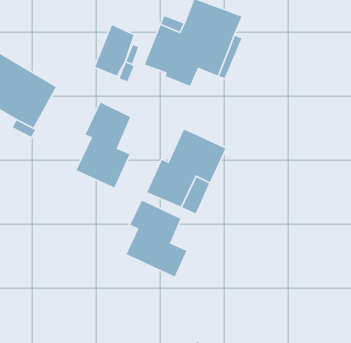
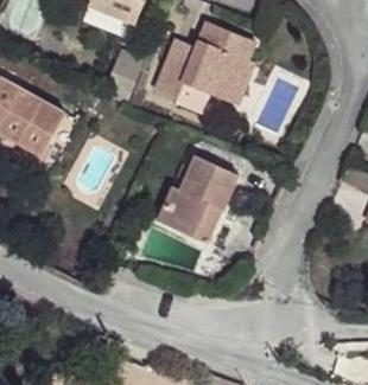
building: [76,102,131,188] -> none
building: [125,200,187,277] -> none

